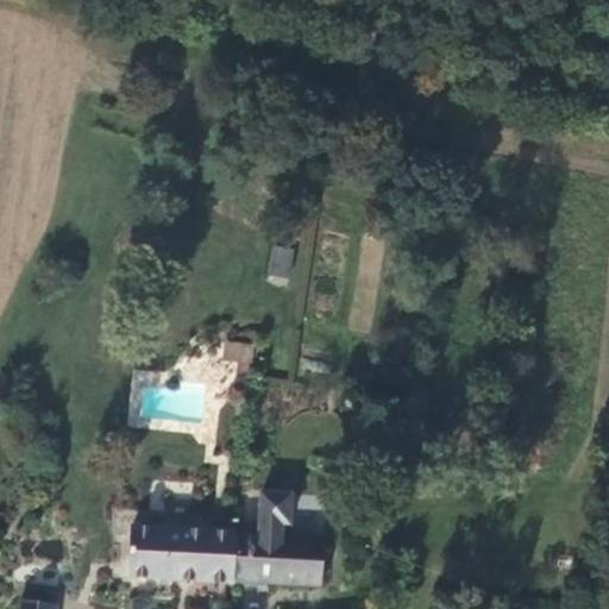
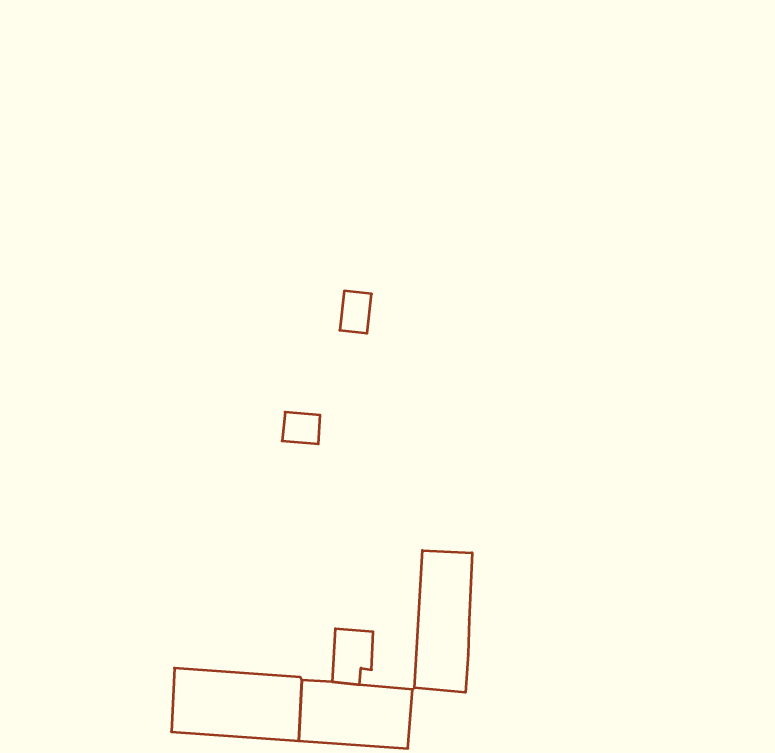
building: none -> [415,550,472,692]

